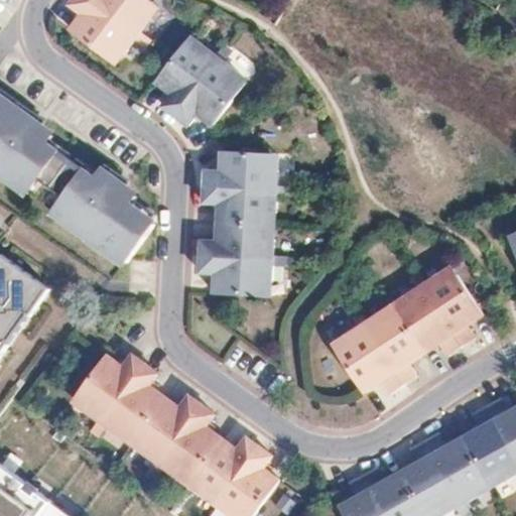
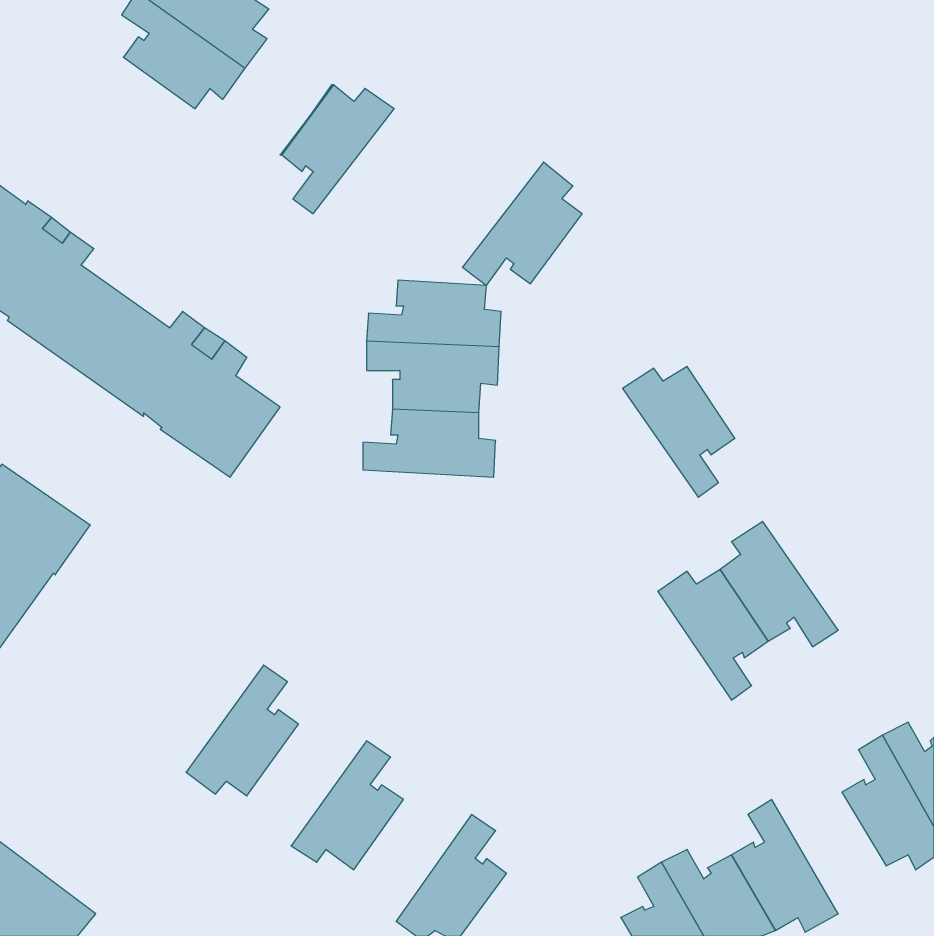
building: [171,59,237,127] -> [462,162,582,286]
building: [198,257,270,294] -> none
building: [417,273,479,345] -> [623,366,735,497]
building: [336,324,400,392] -> none
building: [79,356,144,422] -> none
building: [135,395,201,463] -> none
building: [422,429,485,500] -> none
building: [194,436,258,504] -> none

